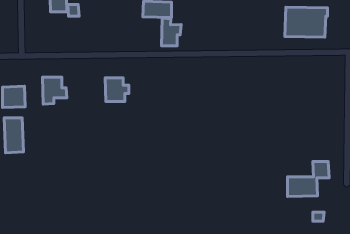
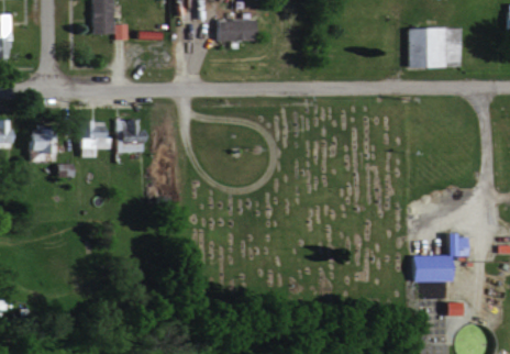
building: [161,18,181,46] -> none
building: [105,78,129,102] -> [117,120,148,152]
building: [4,118,23,153] -> none

